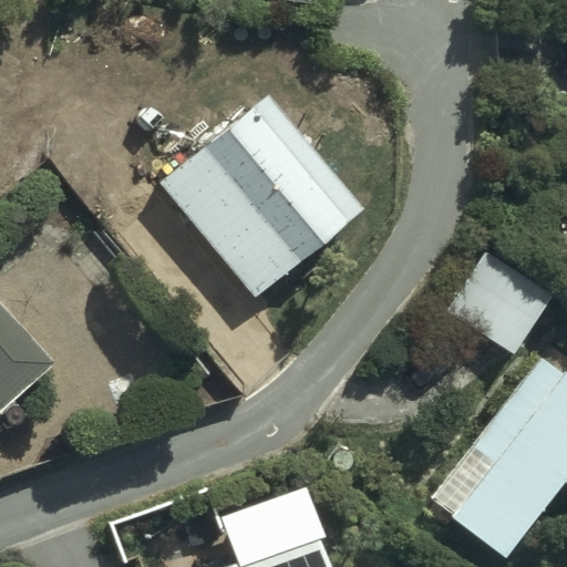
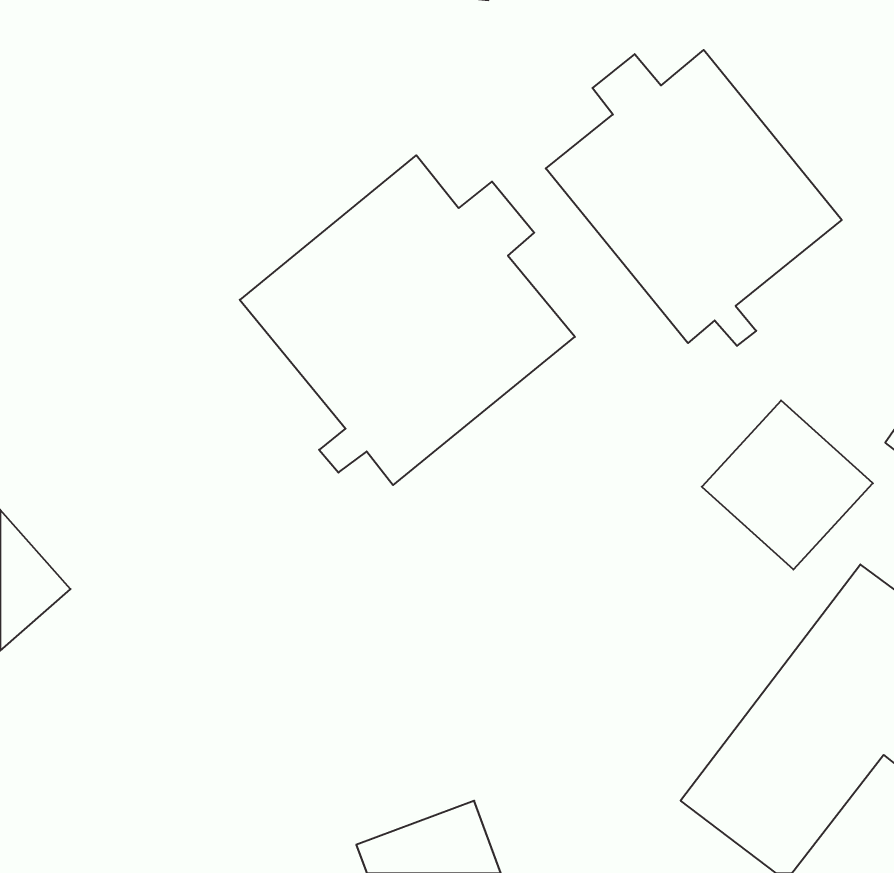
building: none -> [546,50,842,346]

